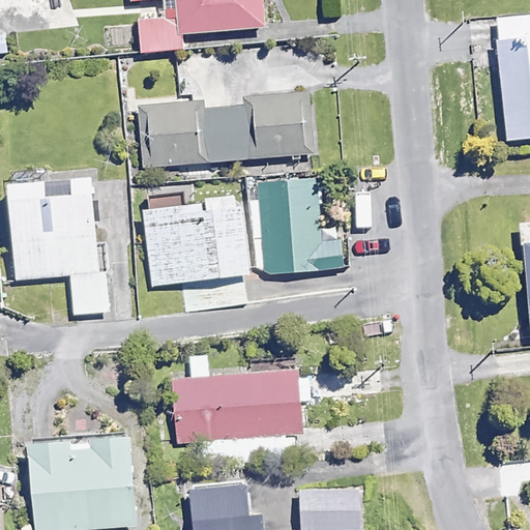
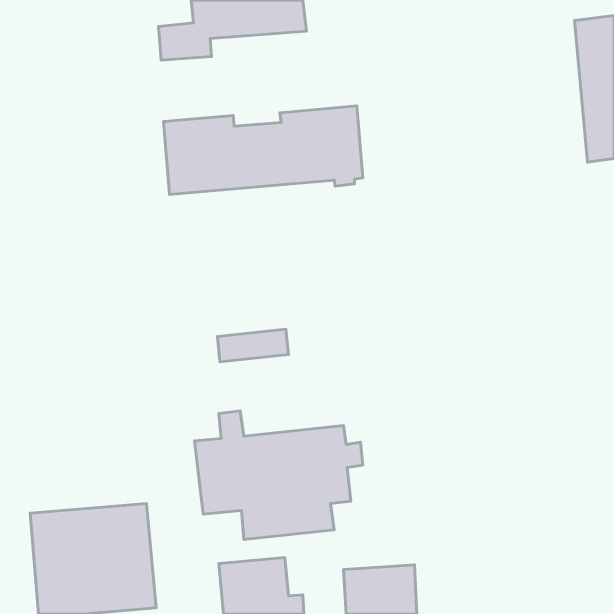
building: [4,174,110,315] -> none
building: [259,176,342,274] -> none
building: [143,192,247,285] -> none

